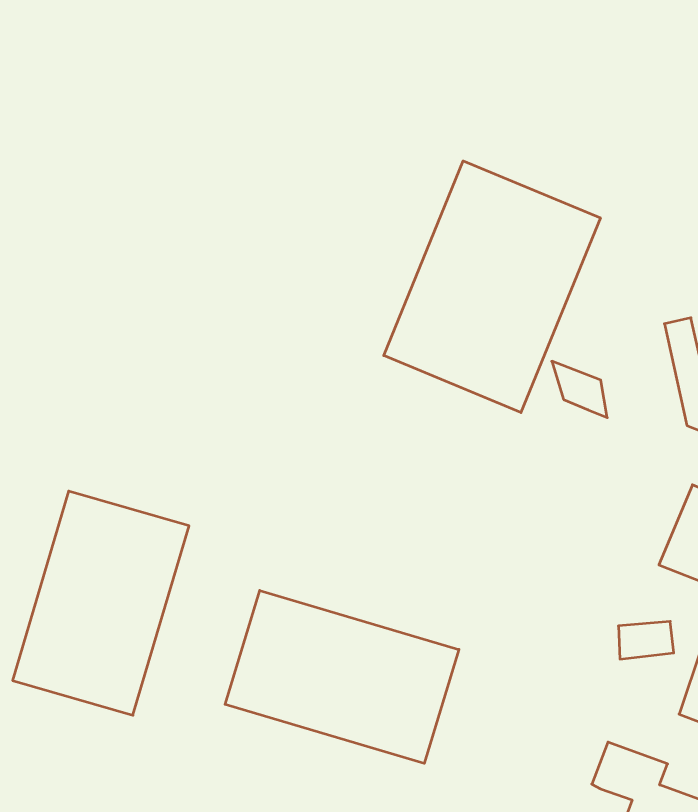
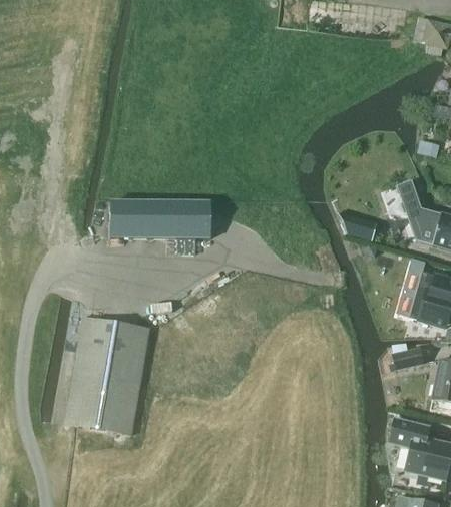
building: [384,161,600,413] -> none
building: none -> [110,200,209,236]
building: [225,590,459,763] -> none

